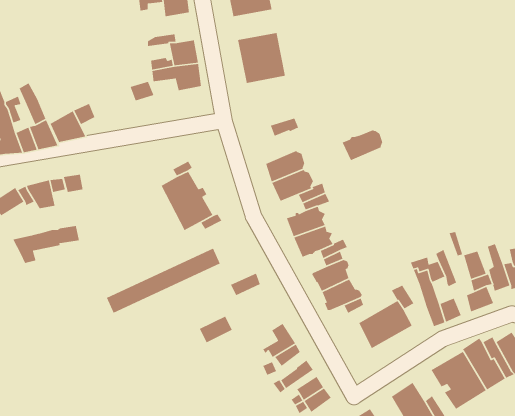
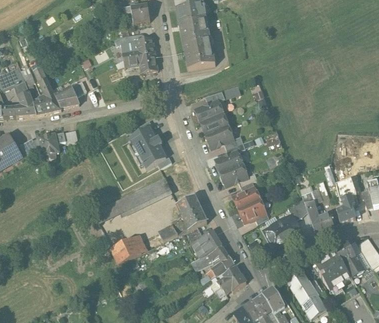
building: none -> [179,18,209,38]
building: [342,129,383,161] -> [195,100,223,122]
building: [12,225,80,264] -> none
building: none -> [181,204,207,229]
building: none -> [109,237,142,265]

